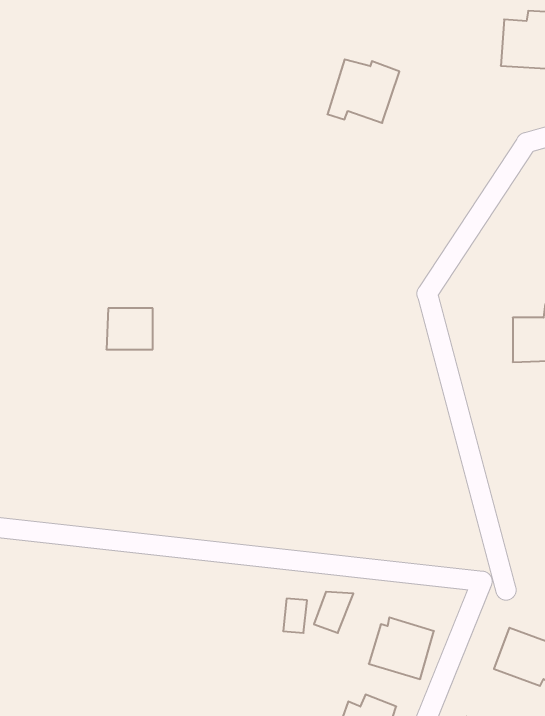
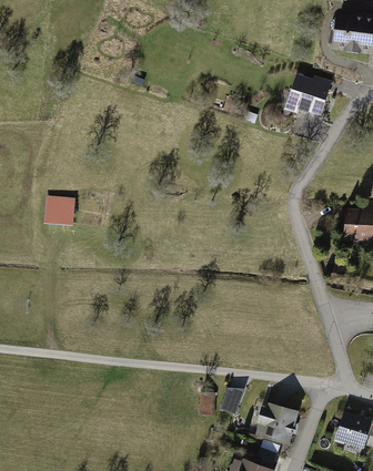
building: [327,59,399,123] -> [283,72,330,113]
building: [106,308,153,349] -> [47,197,77,224]

